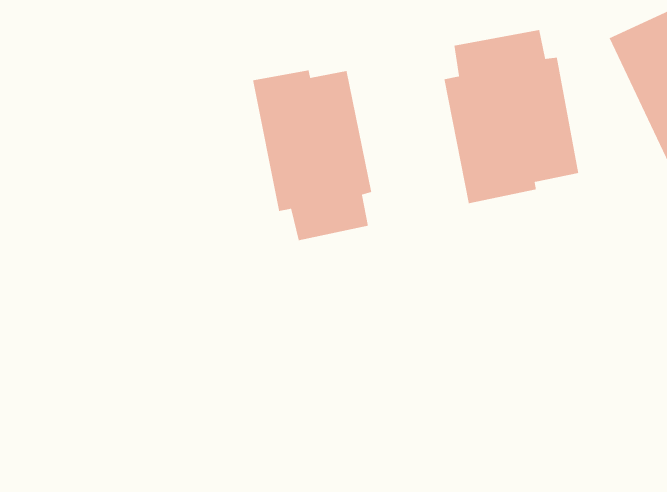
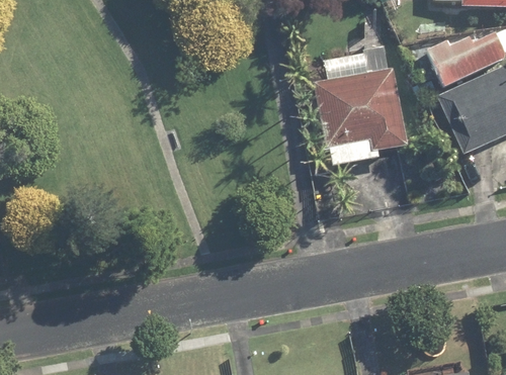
building: [252,70,372,241] -> none

